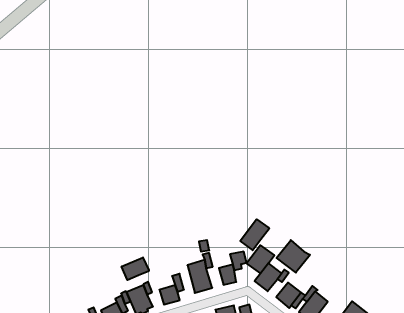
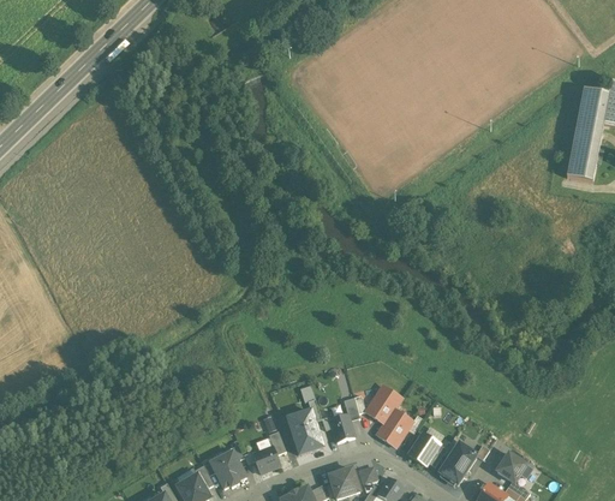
building: [240,219,269,250] -> none
building: [277,240,310,273] -> none
building: [122,257,149,280] -> none

